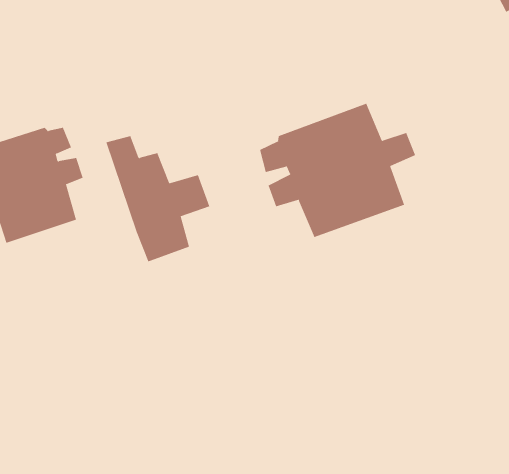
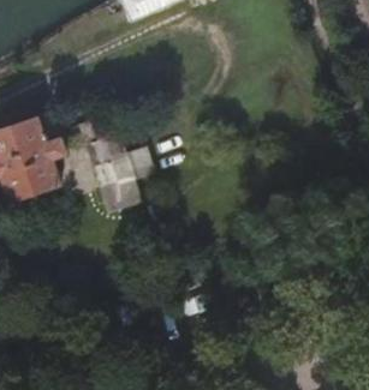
building: [259,103,416,238] -> none

